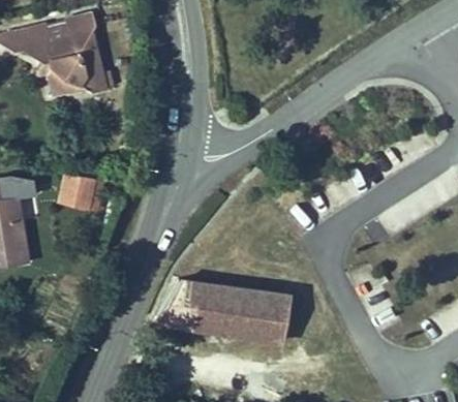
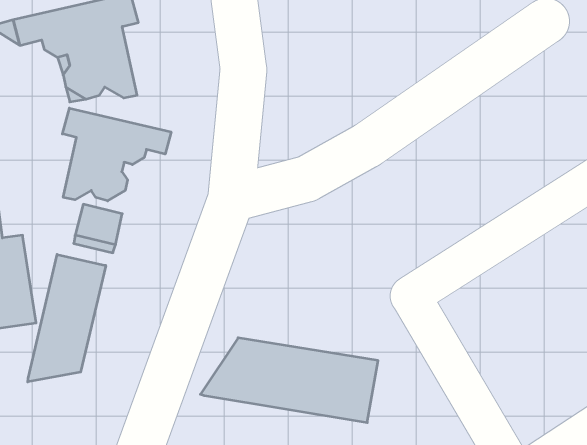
building: none -> [62,108,171,201]
building: none -> [28,254,106,382]

